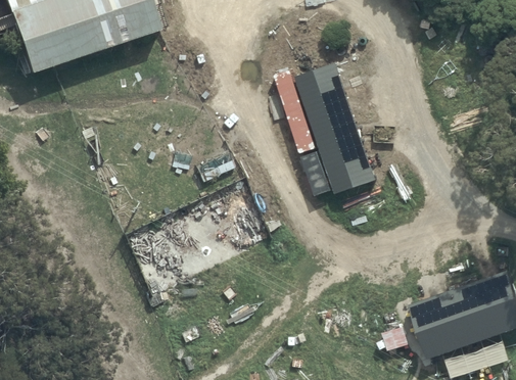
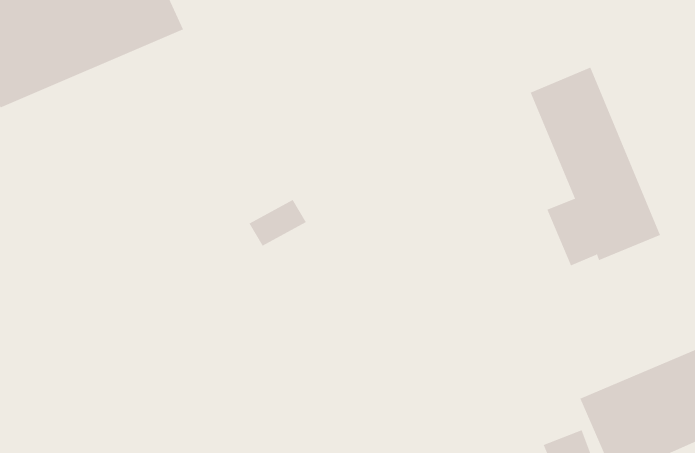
building: [293,61,375,196] -> [530,67,661,266]

